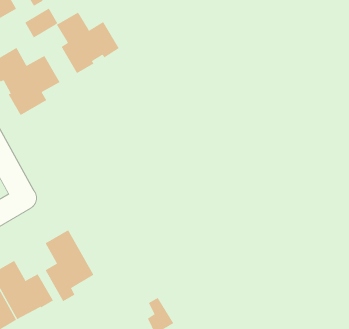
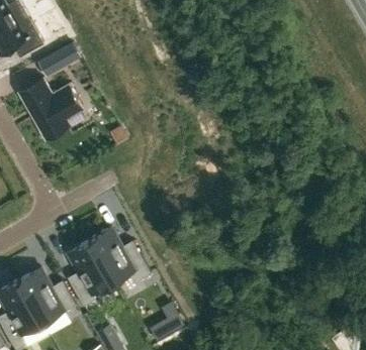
building: [56,12,119,74] -> none
building: none -> [90,227,152,281]

